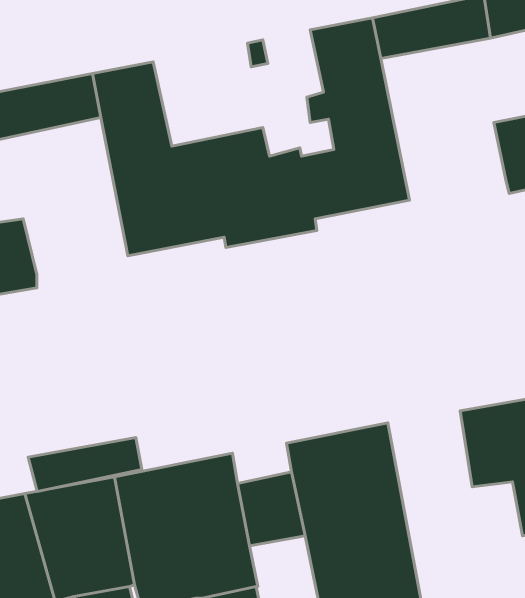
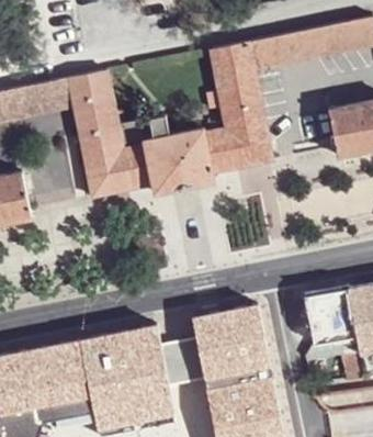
building: [28,437,142,491] -> none

